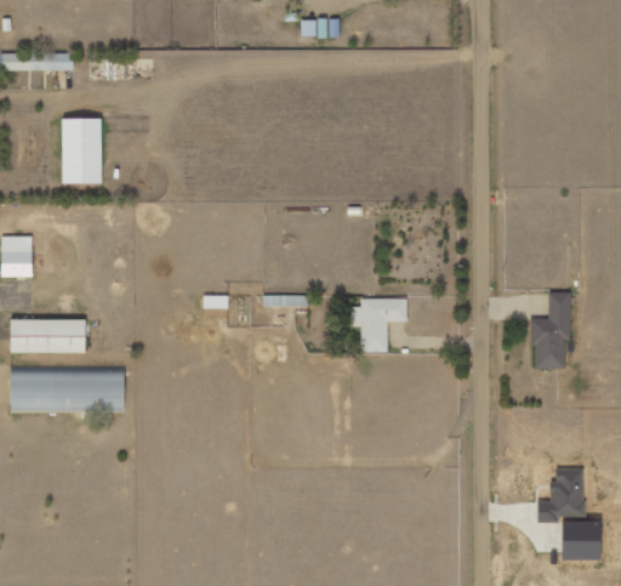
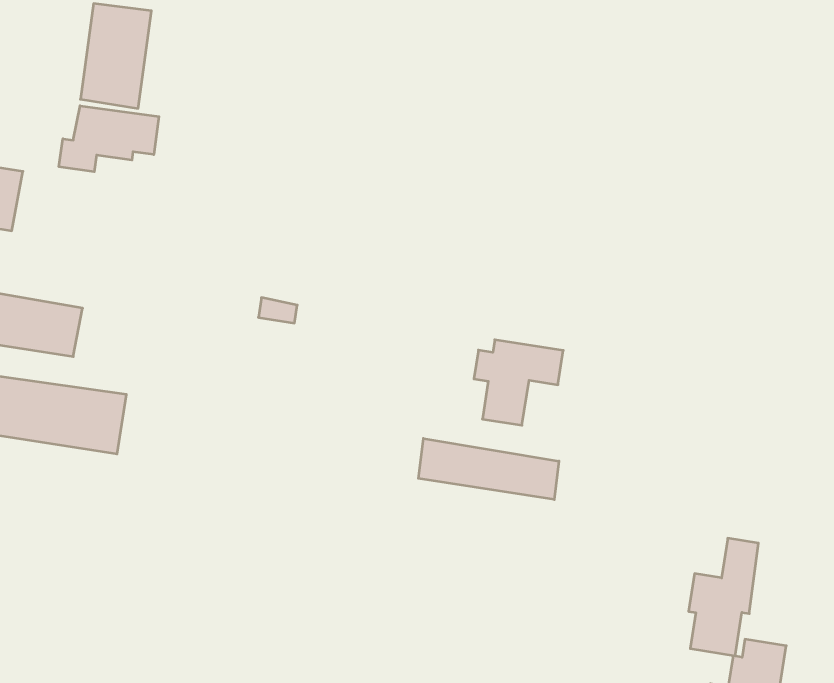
building: none -> [59,106,159,172]
building: [530,291,570,368] -> [689,538,758,656]
building: none -> [418,438,559,500]

